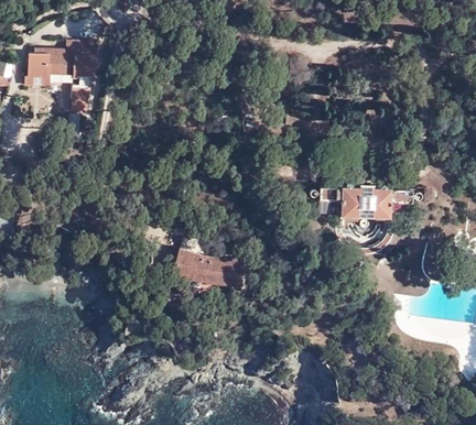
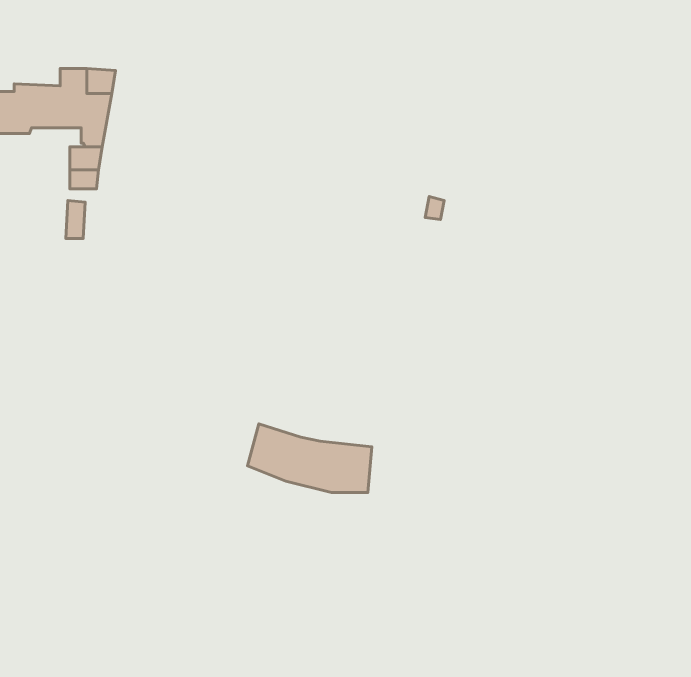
building: [318,189,360,218] -> none
building: [368,189,411,219] -> none

